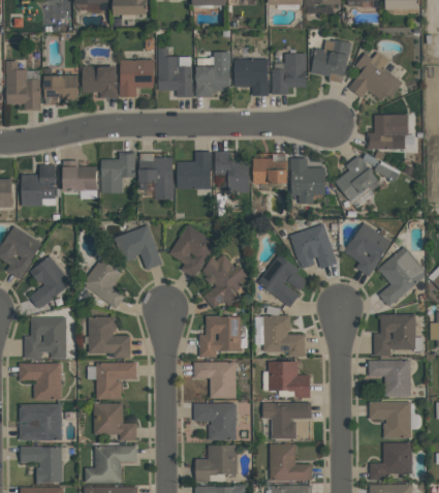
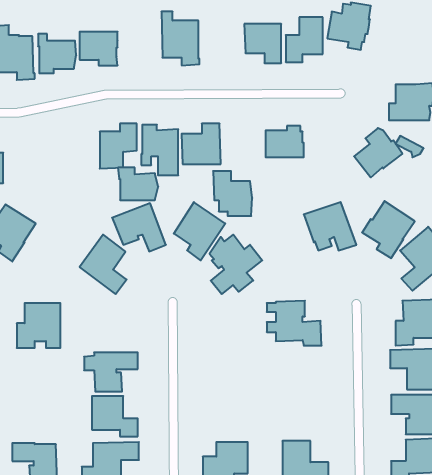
building: [195,53,232,98] -> none
building: [349,53,403,101] -> none
building: [120,60,155,98] -> none
building: [215,151,251,192] -> [213,171,252,216]
building: [290,158,326,204] -> none
building: [63,160,100,190] -> [118,168,158,200]
building: [22,164,56,206] -> none
building: [257,254,307,307] -> none
building: [30,256,71,309] -> none
building: [199,315,241,358] -> none
building: [88,316,130,359] -> none
building: [262,361,311,398] -> none
building: [194,362,237,399] -> none
building: [20,363,61,399] -> none
building: [263,402,312,439] -> none
building: [194,403,236,440] -> none
building: [20,404,62,440] -> none

